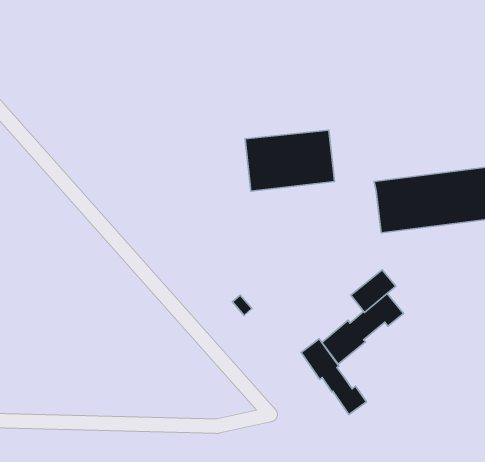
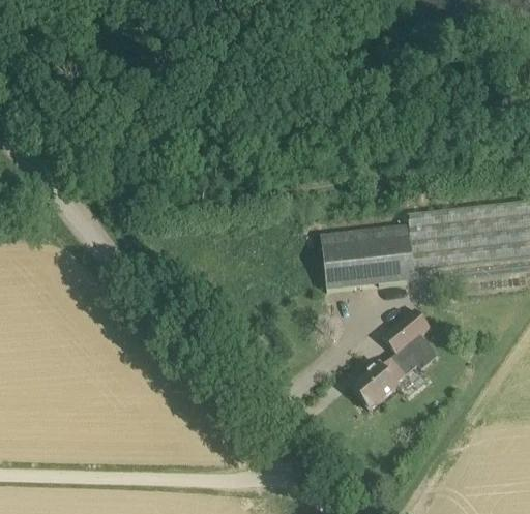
building: [245,130,335,191] -> [321,223,416,289]
building: [301,339,367,415] -> none

